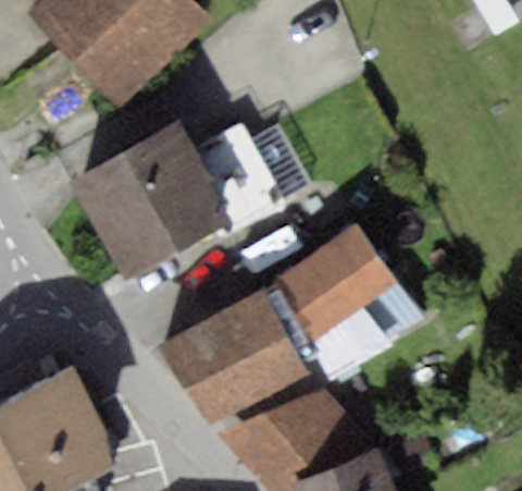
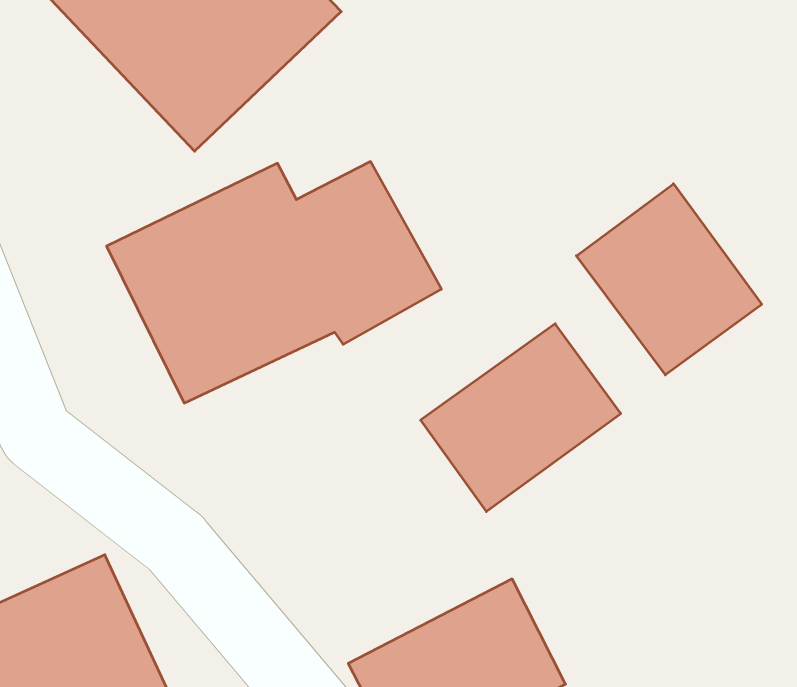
building: none -> [576,184,762,375]
building: [169,290,302,417] -> none

